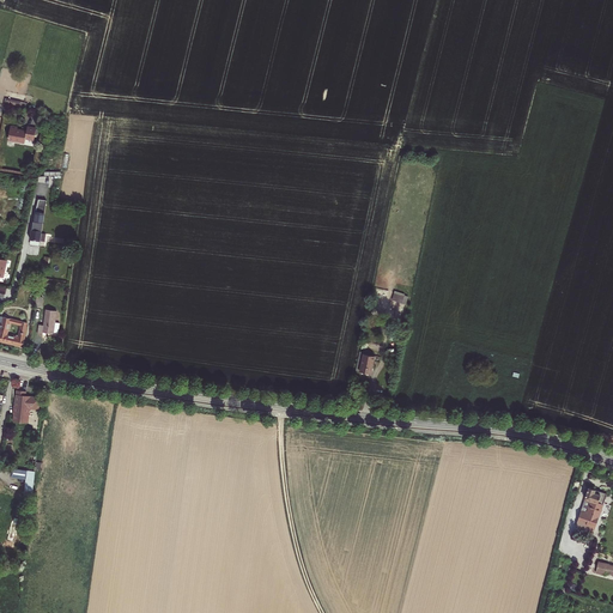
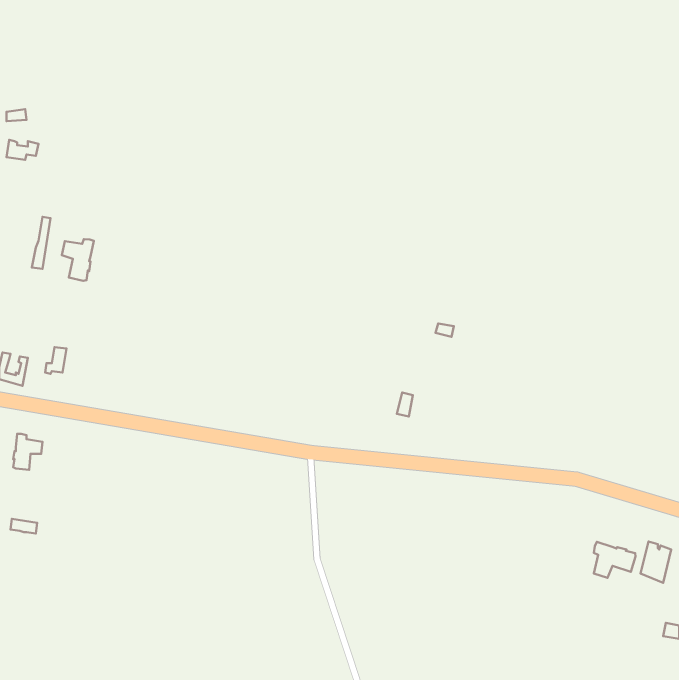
building: none -> [62,239,94,281]
building: none -> [594,542,636,578]

